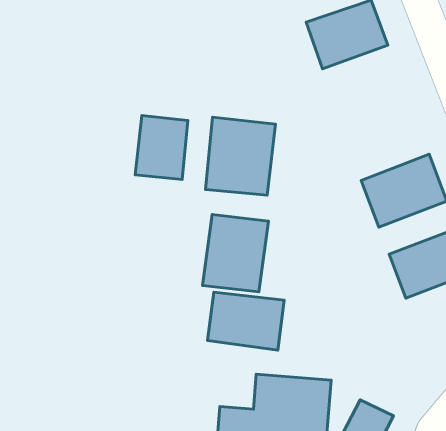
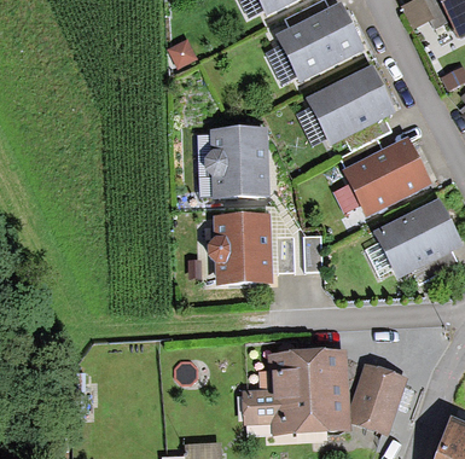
building: none -> [312,69,388,138]
building: [135,115,188,180] -> none
building: [207,292,284,350] -> none

